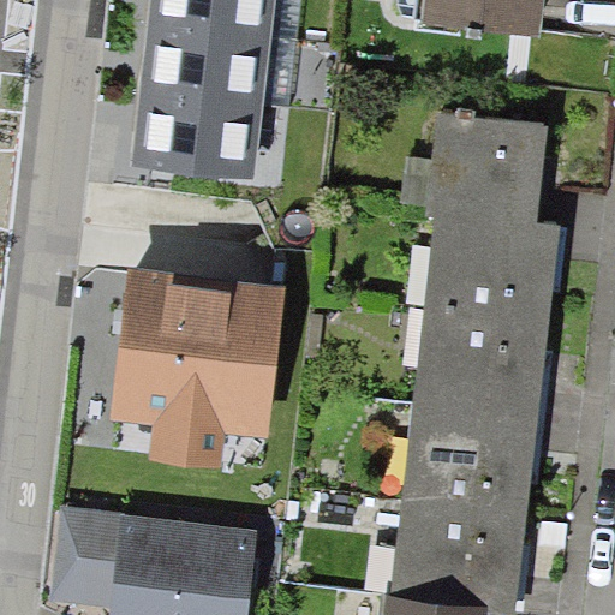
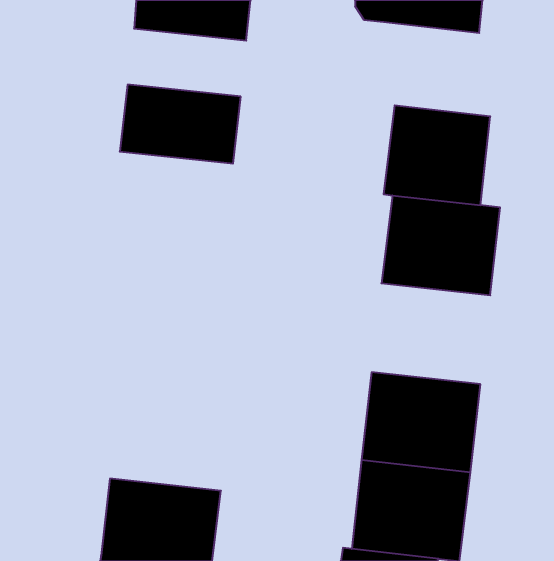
building: [148,31,277,106] -> none
building: [119,273,280,459] -> none
building: [414,310,544,420] -> none
building: [53,517,129,608] -> none

